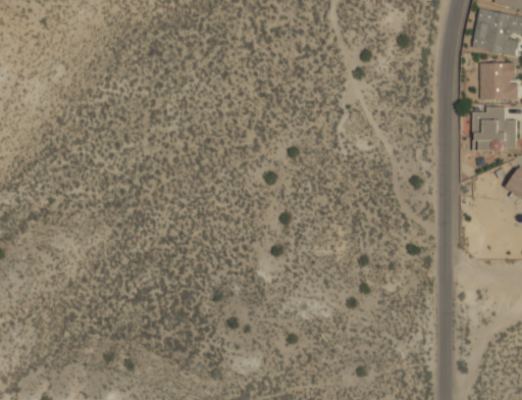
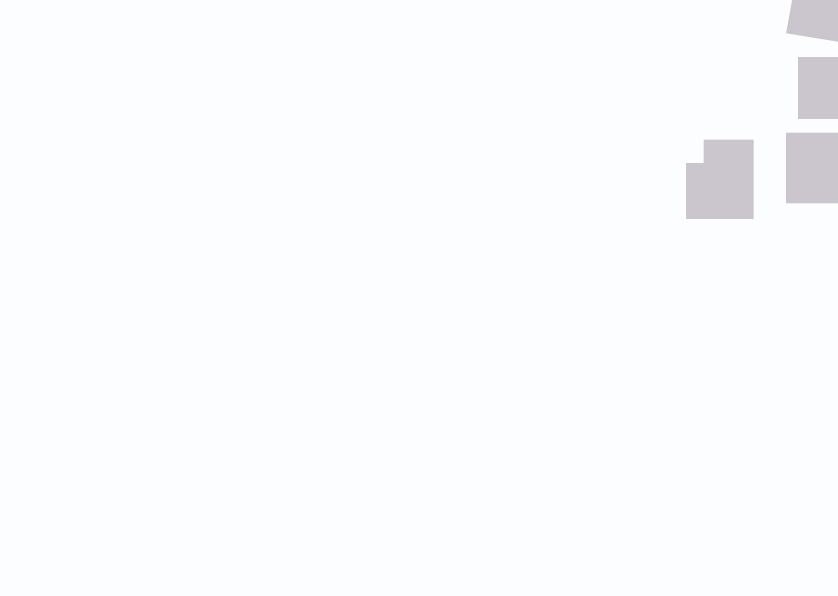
building: none -> [685,139,754,220]

